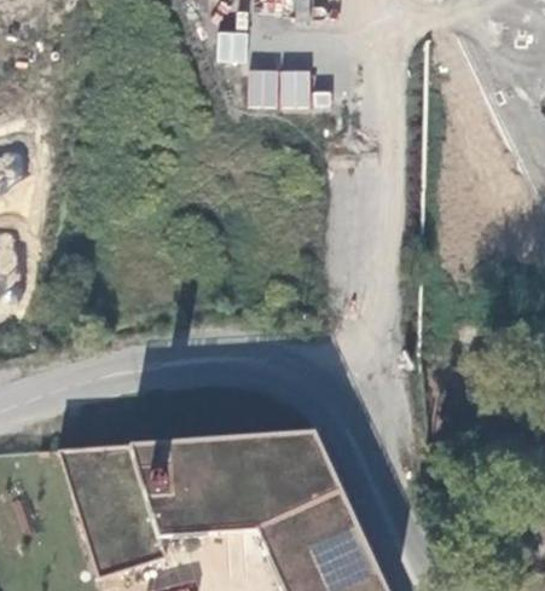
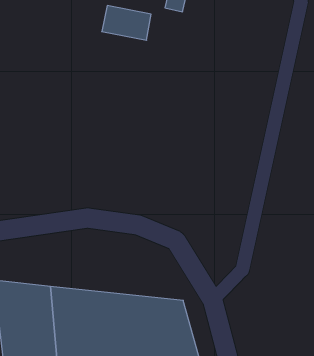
building: [249,68,309,104] -> [102,6,151,40]

